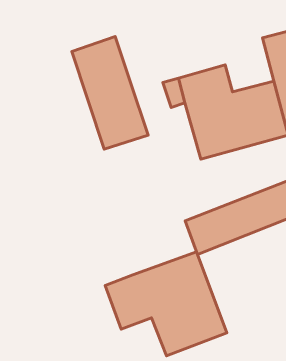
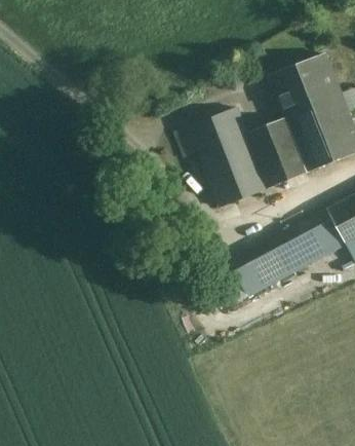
building: [72,37,148,149] -> none
building: [105,252,227,356] -> none

